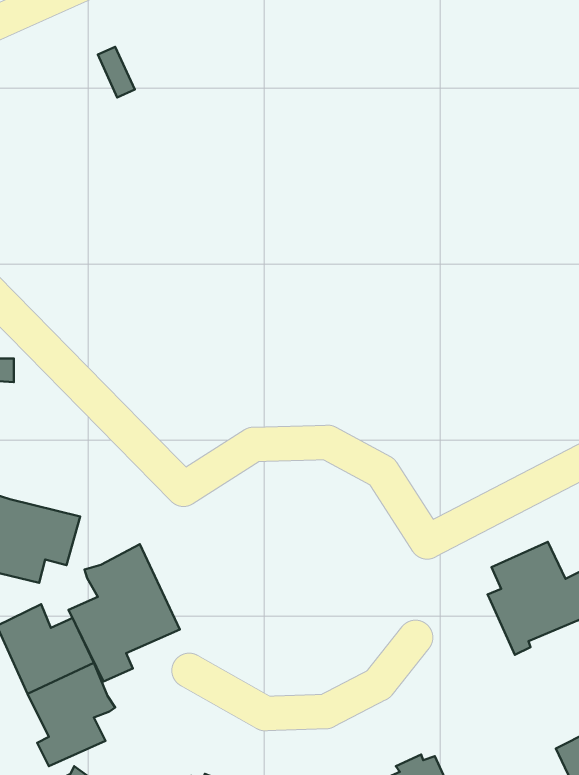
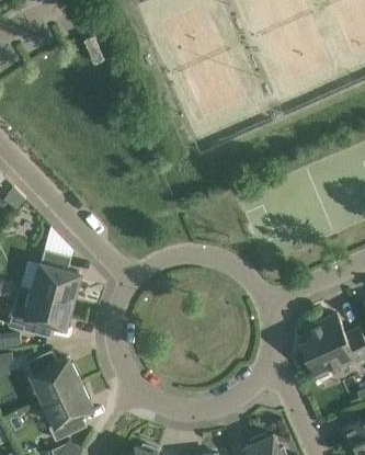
building: none -> [34,251,80,302]
building: [68,544,180,681] -> none

